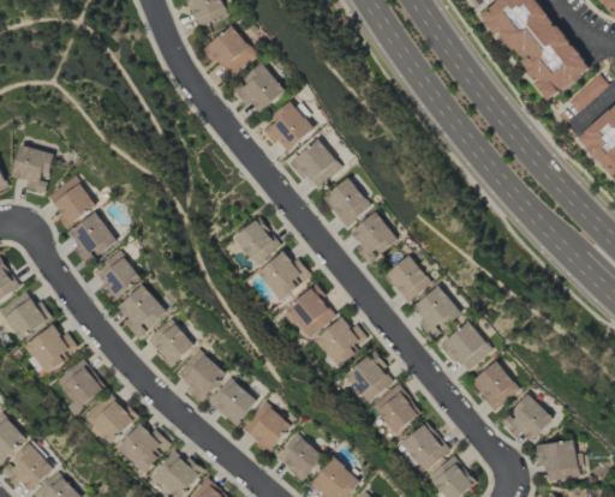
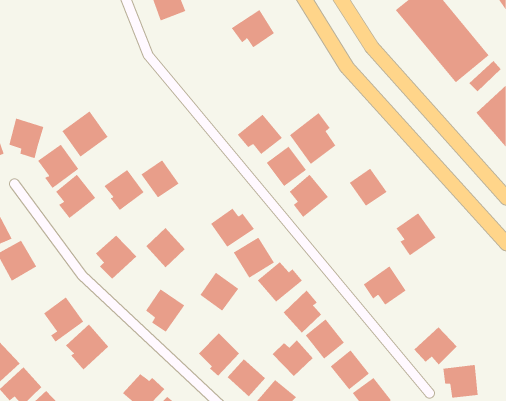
building: [203,25,257,76] -> none
building: [233,65,286,112] -> [231,9,275,48]
building: [262,102,316,150] -> none
building: none -> [61,111,109,158]
building: none -> [289,112,336,165]
building: [233,218,280,265] -> [141,159,179,198]
building: [94,251,143,301] -> [103,169,144,211]
building: [387,256,434,303] -> [349,168,388,207]
building: [414,286,464,339] -> [396,212,437,256]
building: [148,318,196,367] -> [146,227,185,268]
building: [22,325,78,378] -> none
building: [472,361,523,411] -> none
building: [210,378,258,426] -> [199,272,239,312]
building: none -> [272,340,313,377]
building: [117,424,171,474] -> none

